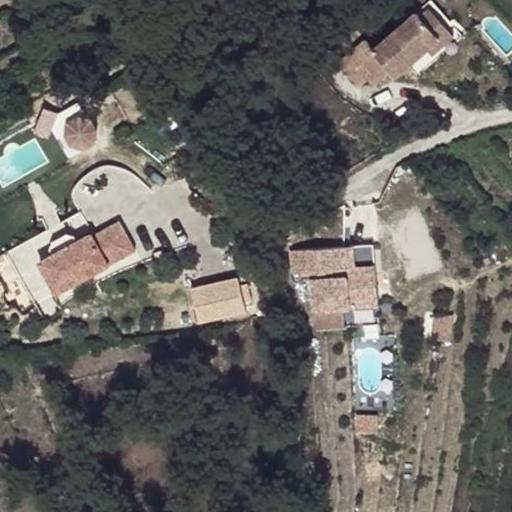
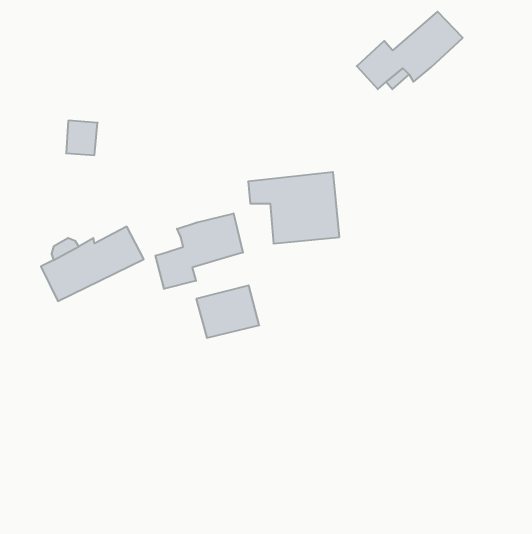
building: none -> [155,213,243,289]
building: [293,256,380,324] -> [248,172,339,243]

